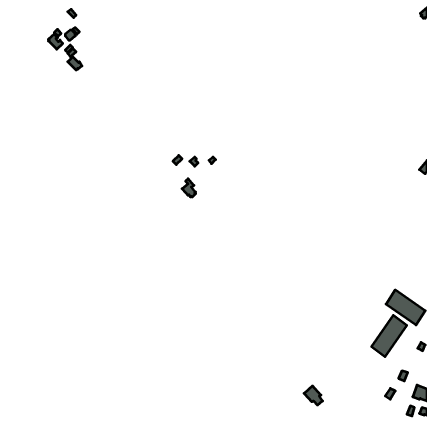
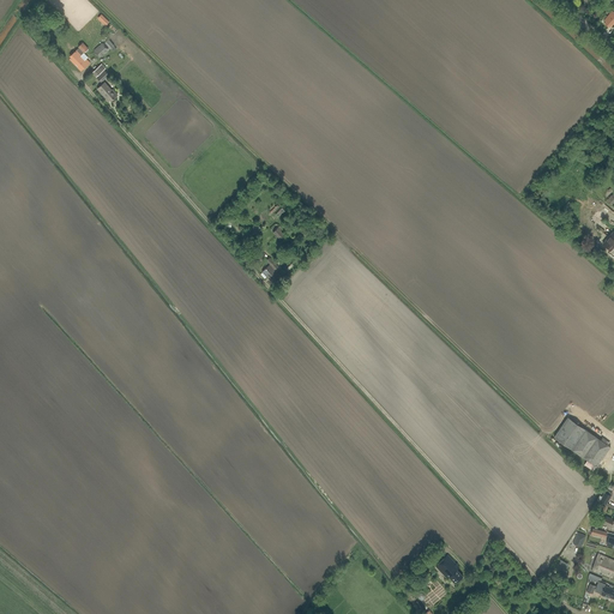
building: [372,315,407,357] -> none

